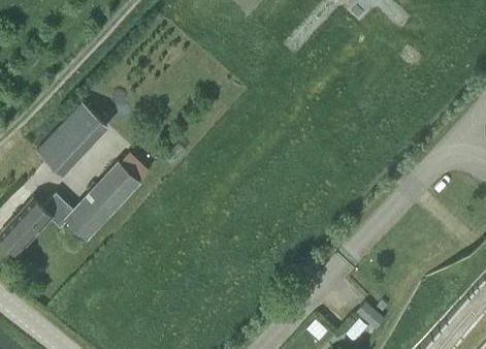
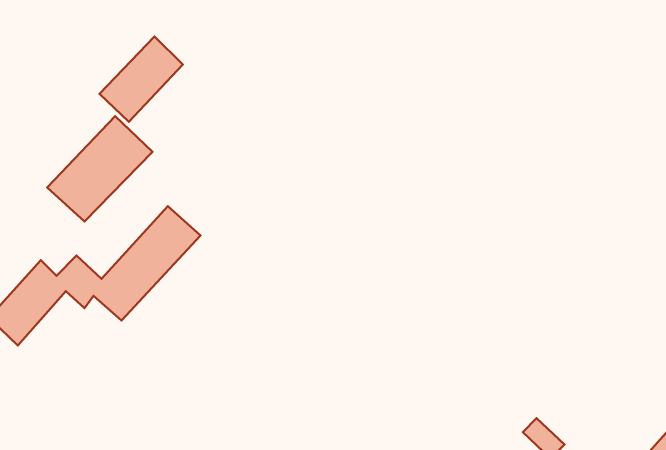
building: none -> [100,36,183,122]

